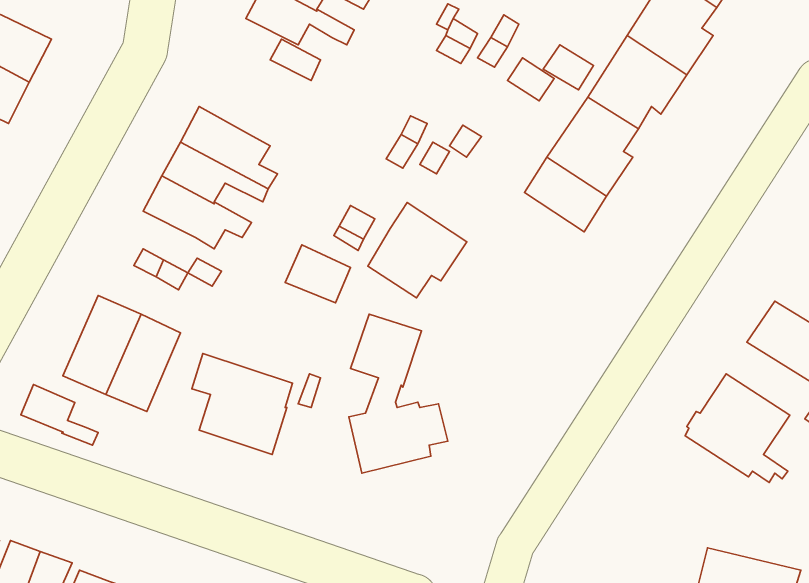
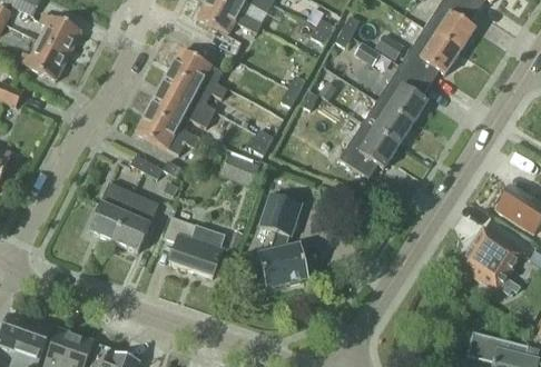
building: none -> [169,48,226,98]
building: [368,202,467,298] -> [340,120,399,177]
building: [21,384,98,445] -> none

